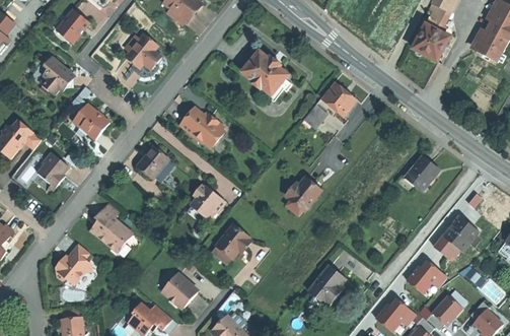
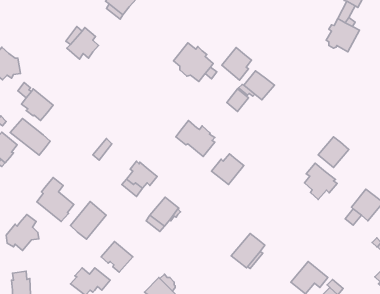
building: [57,8,89,43] -> none
building: none -> [222,48,252,80]
building: [179,107,223,147] -> [176,120,215,157]
building: none -> [10,119,50,155]
building: [137,146,167,177] -> none
building: none -> [304,163,337,199]
building: none -> [71,202,106,239]
building: [406,259,447,294] -> none
building: [426,294,461,329] -> none

